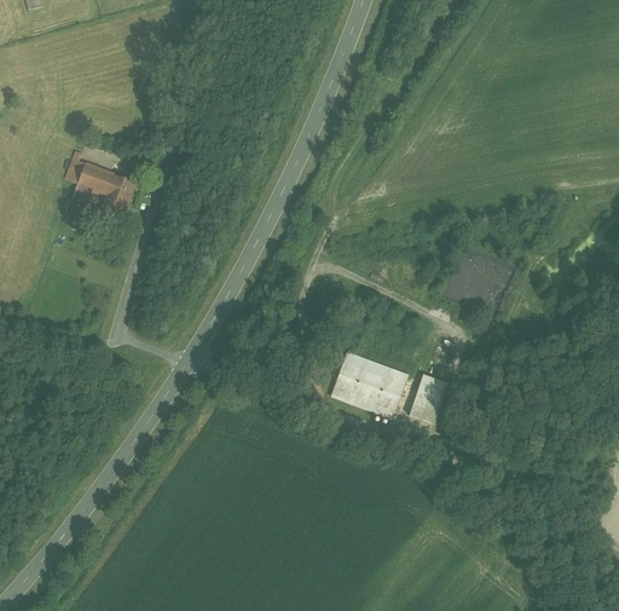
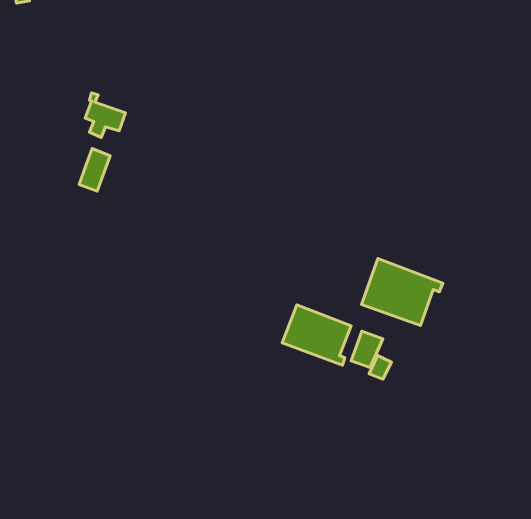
building: [68,150,114,201] -> [85,93,126,137]
building: none -> [361,259,443,326]

